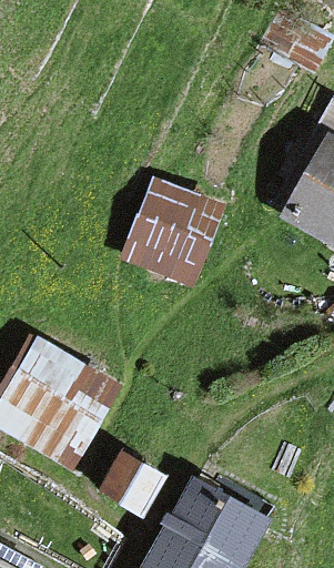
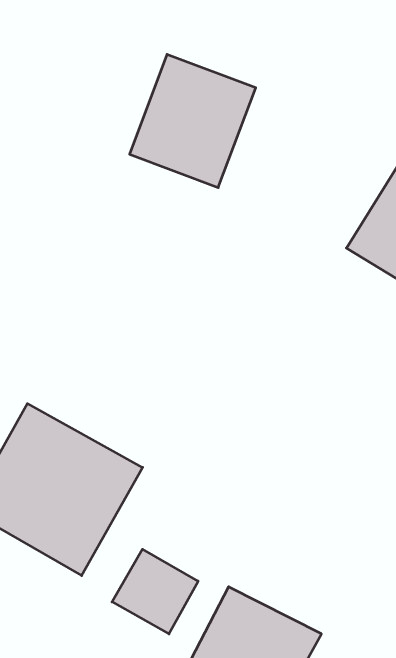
building: [123,178,224,284] -> [130,54,256,188]

